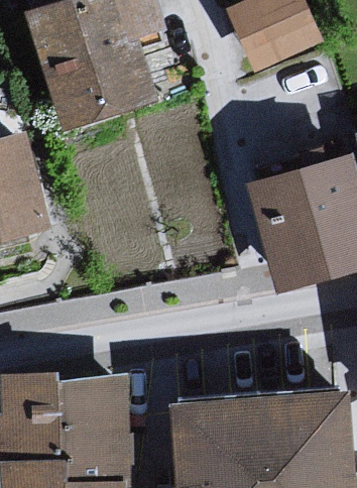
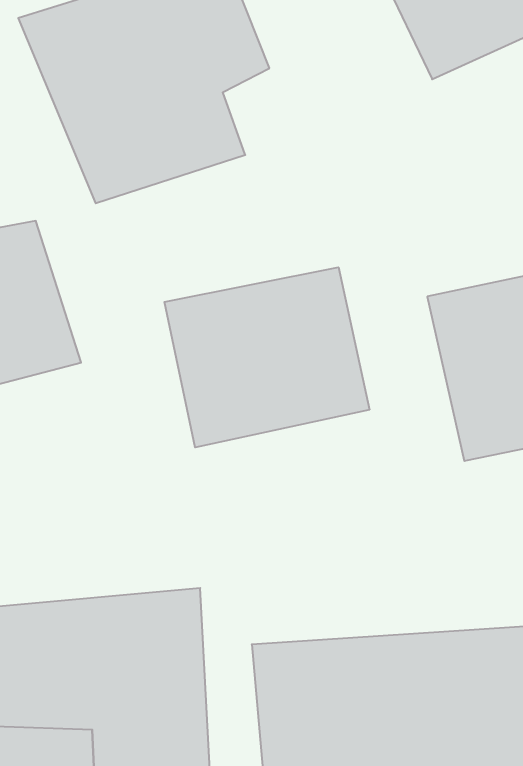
building: none -> [164,267,369,447]

